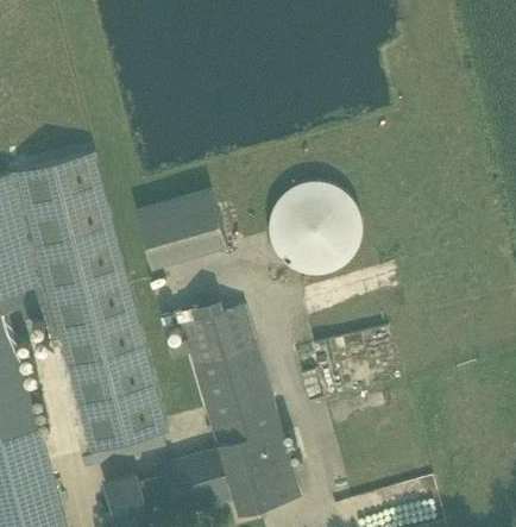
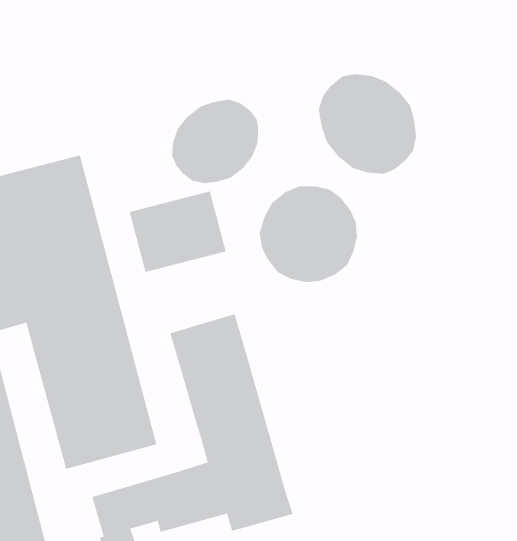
building: none -> [318,74,417,174]
building: none -> [172,99,259,184]

